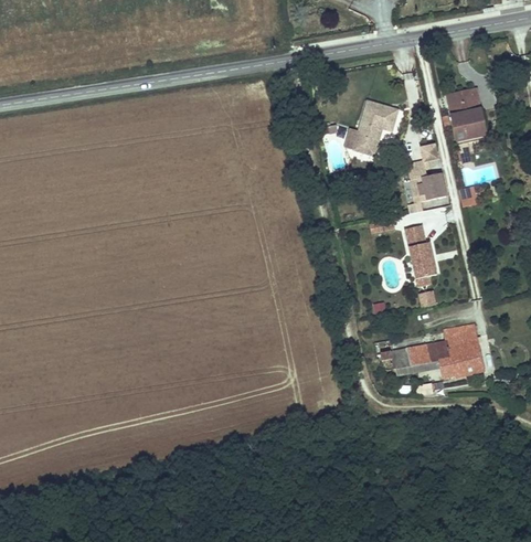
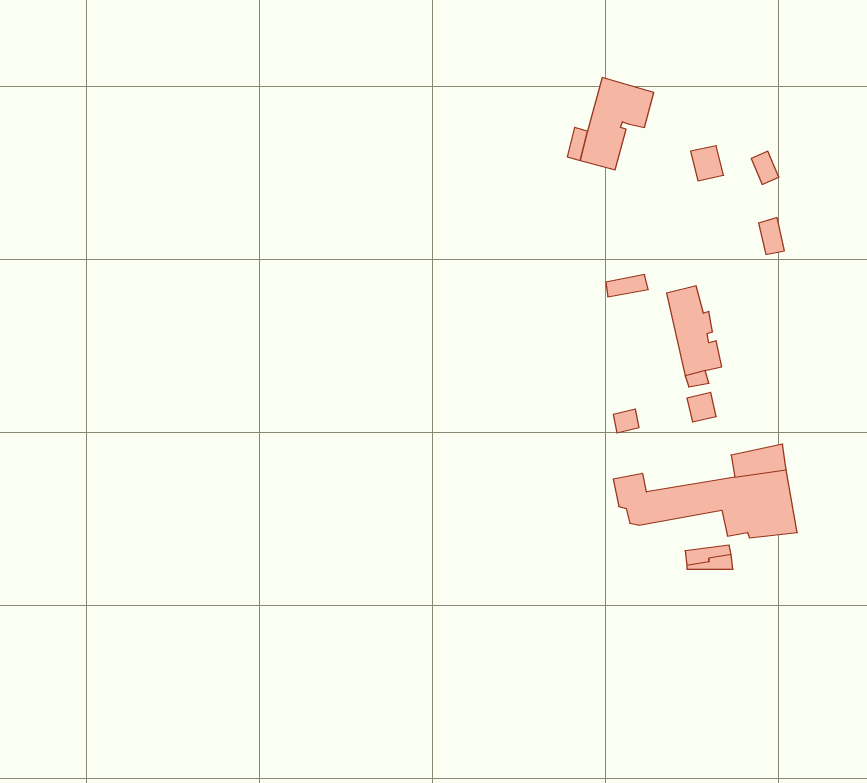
building: [446,88,487,141] -> none
building: [412,167,444,201] -> none

